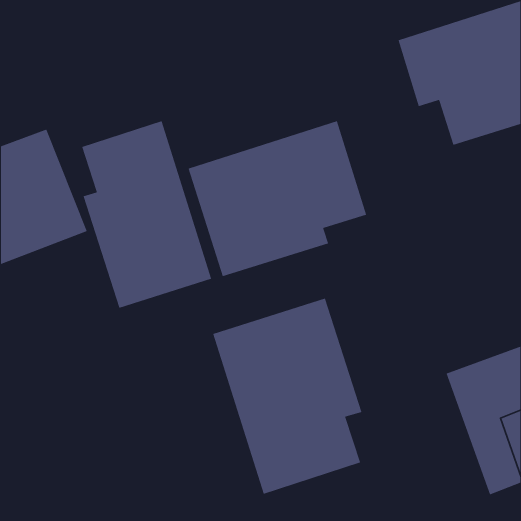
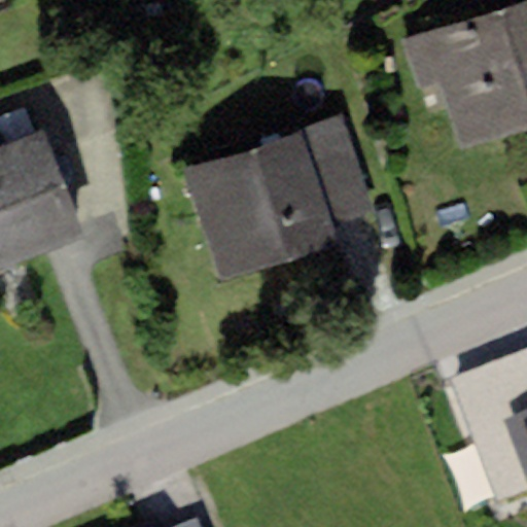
building: [81,120,212,309] -> none
building: [212,298,362,495] -> none

